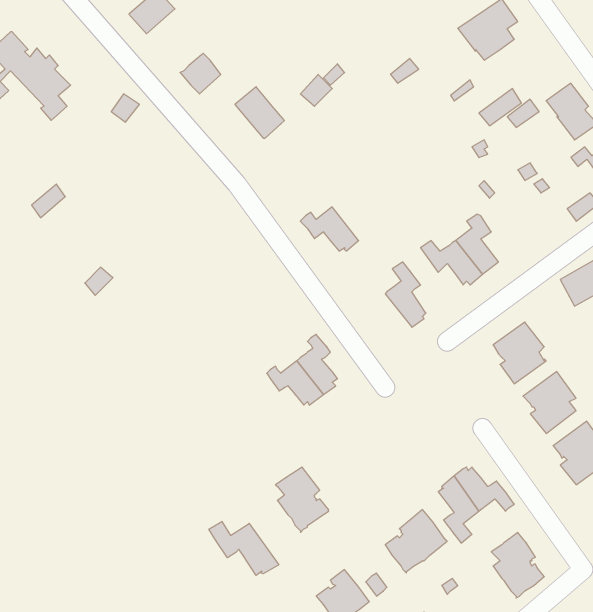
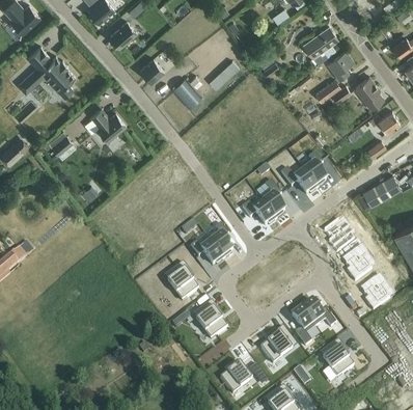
building: none -> [327,51,354,81]
building: none -> [90,108,126,144]
building: [300,207,359,251] -> [241,200,275,226]
building: none -> [166,264,197,302]
building: [209,521,279,575] -> none

